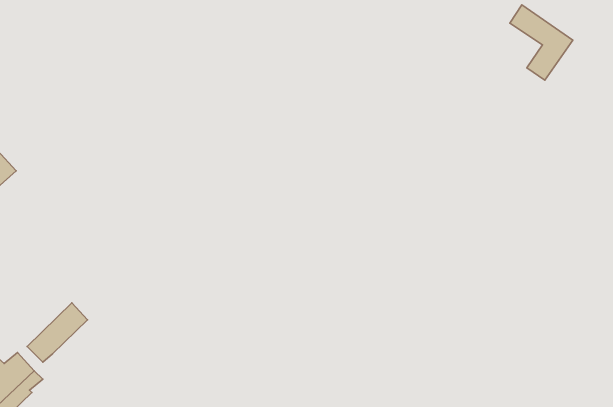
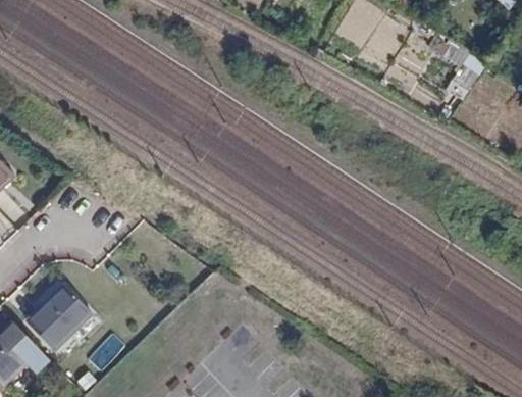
building: none -> [39,299,91,350]

